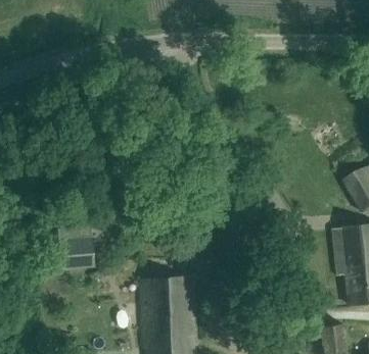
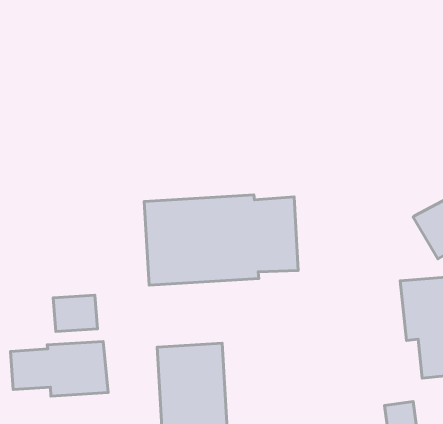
building: none -> [144,195,298,285]
building: none -> [10,341,108,396]

